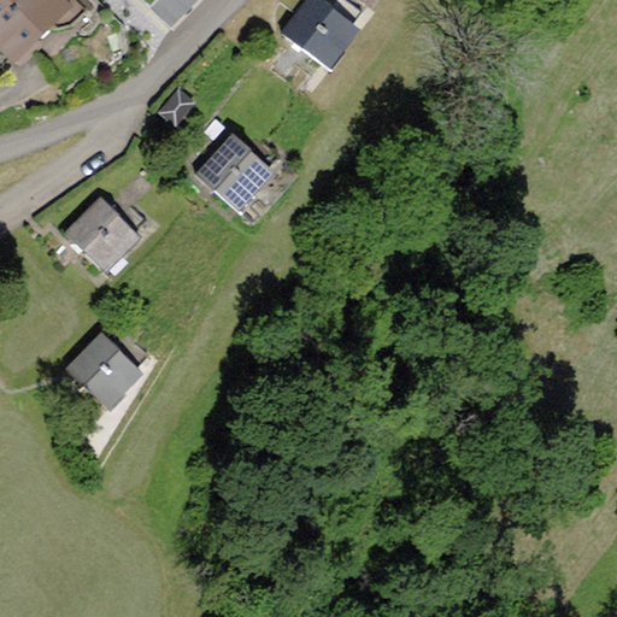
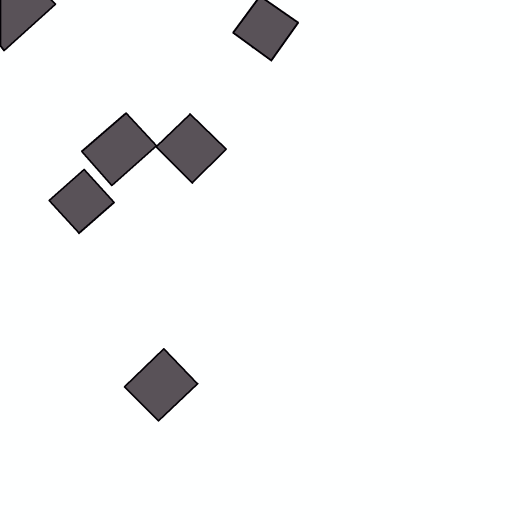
building: none -> [82,113,156,185]
building: [69,321,154,405] -> [125,349,198,421]

